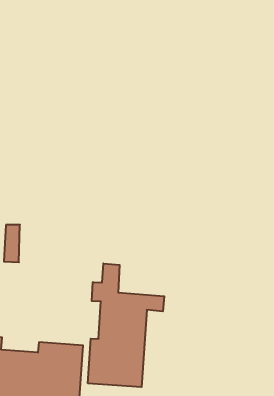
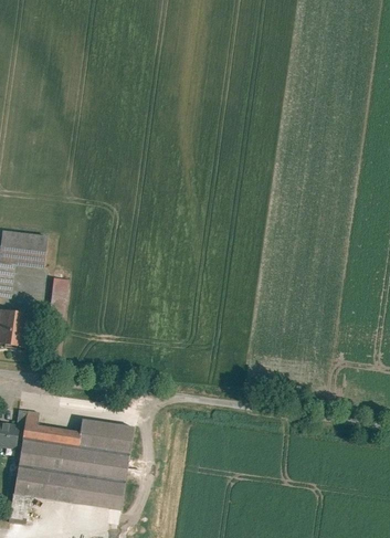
building: [88,263,164,387] -> none

